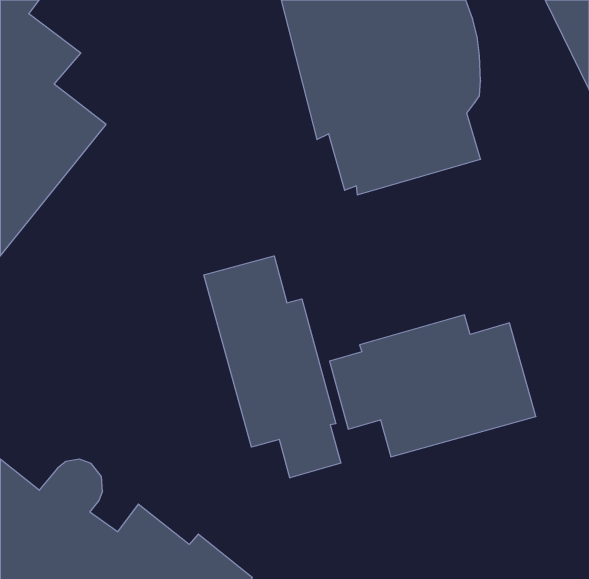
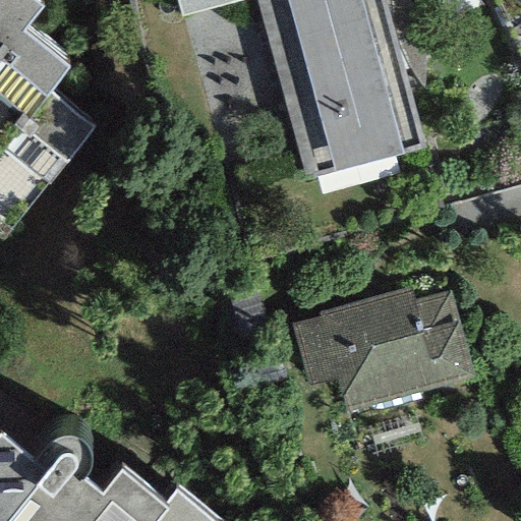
building: [204,256,341,478] -> none

